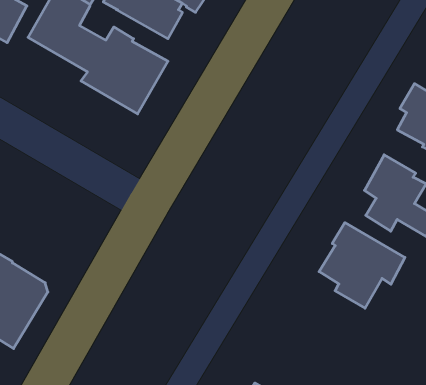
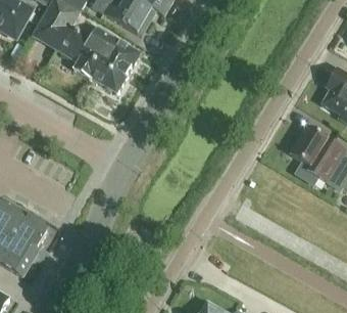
building: [319,223,405,308] -> none

